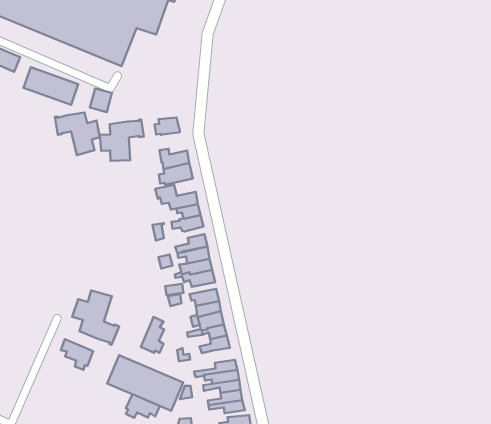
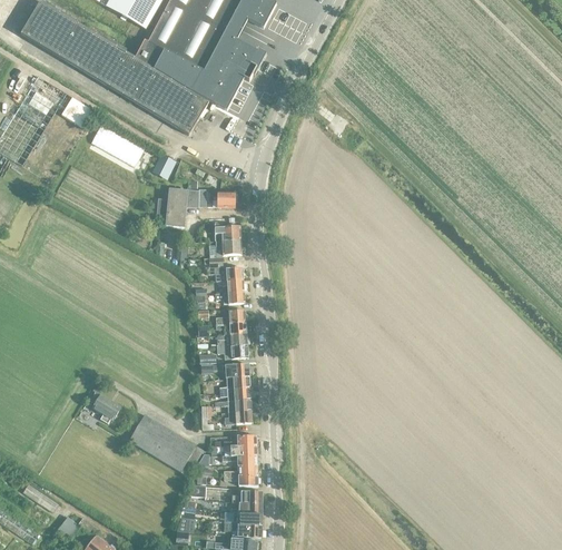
building: [55,113,100,155] -> none
building: [72,290,119,345] -> none
building: [141,317,164,353] -> none
building: [126,394,160,418] -> none

